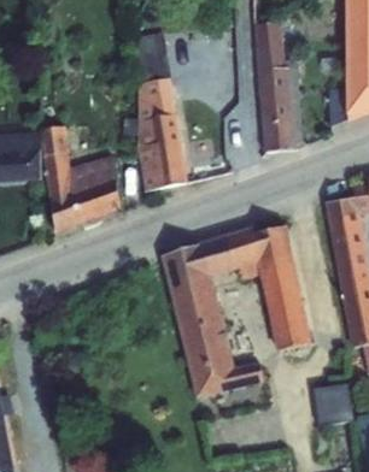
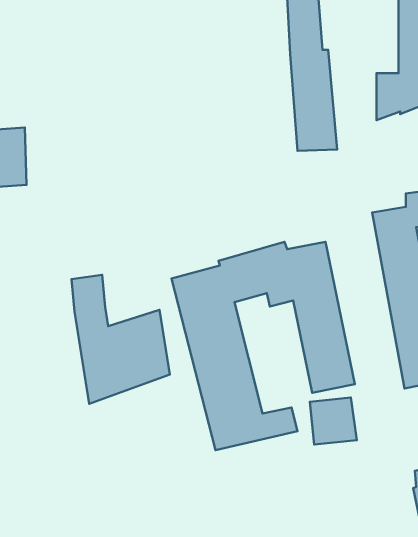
building: [139,47,188,189] -> none
building: [41,125,122,231] -> [72,275,170,404]
building: [315,393,353,431] -> [310,398,357,444]

